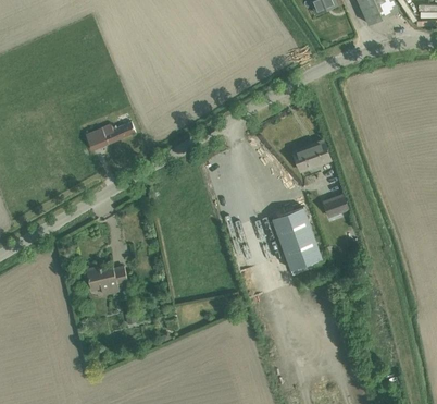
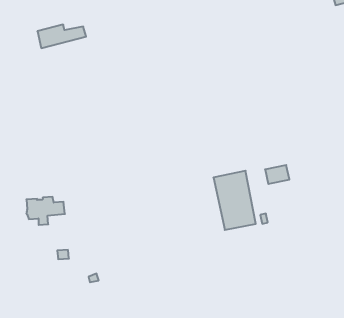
building: [85,123,135,151] -> [37,25,86,48]
building: [292,140,330,171] -> none

